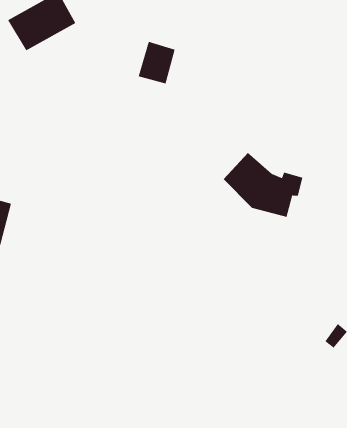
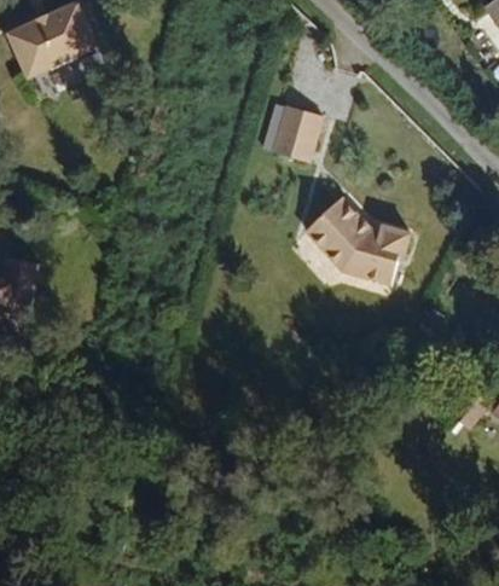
building: [138,41,175,84] -> [269,105,318,161]

